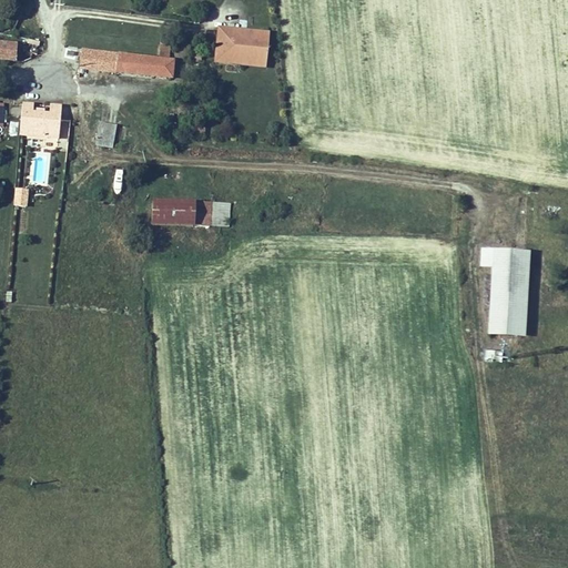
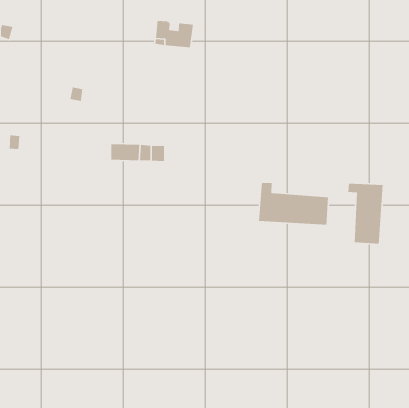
building: [79,44,173,75] -> none
building: [20,102,60,136] -> none
building: none -> [258,182,329,226]

